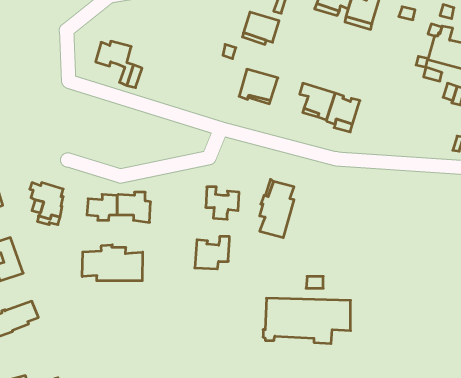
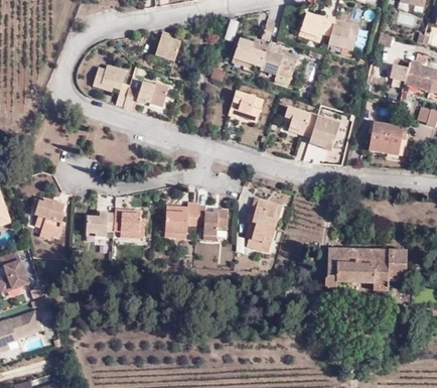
building: none -> [154,33,179,61]
building: none -> [259,46,298,79]
building: none -> [138,82,169,107]
building: none -> [370,122,408,156]
building: [195,237,229,269] -> [166,200,198,230]
building: [82,245,143,281] -> none
building: [263,298,351,344] -> [325,248,407,290]

